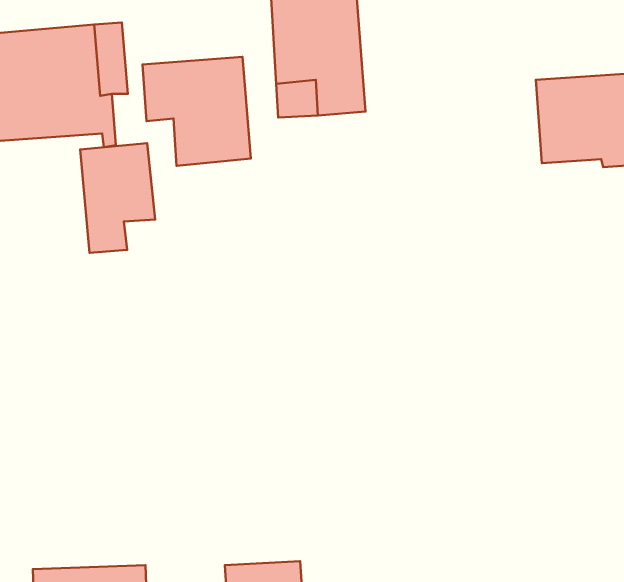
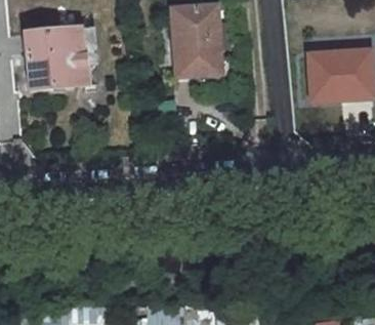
building: [142,57,251,166] -> none
building: [80,143,155,253] -> none

